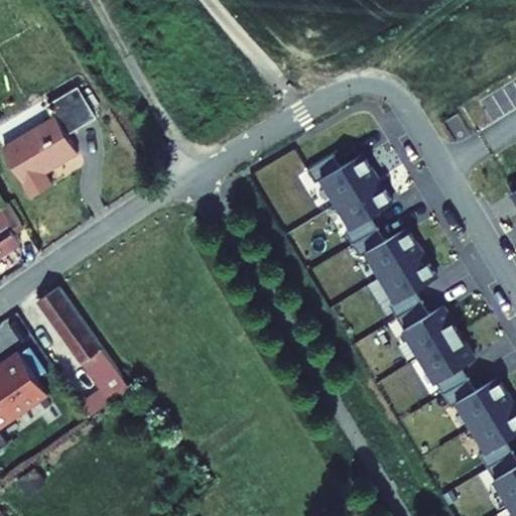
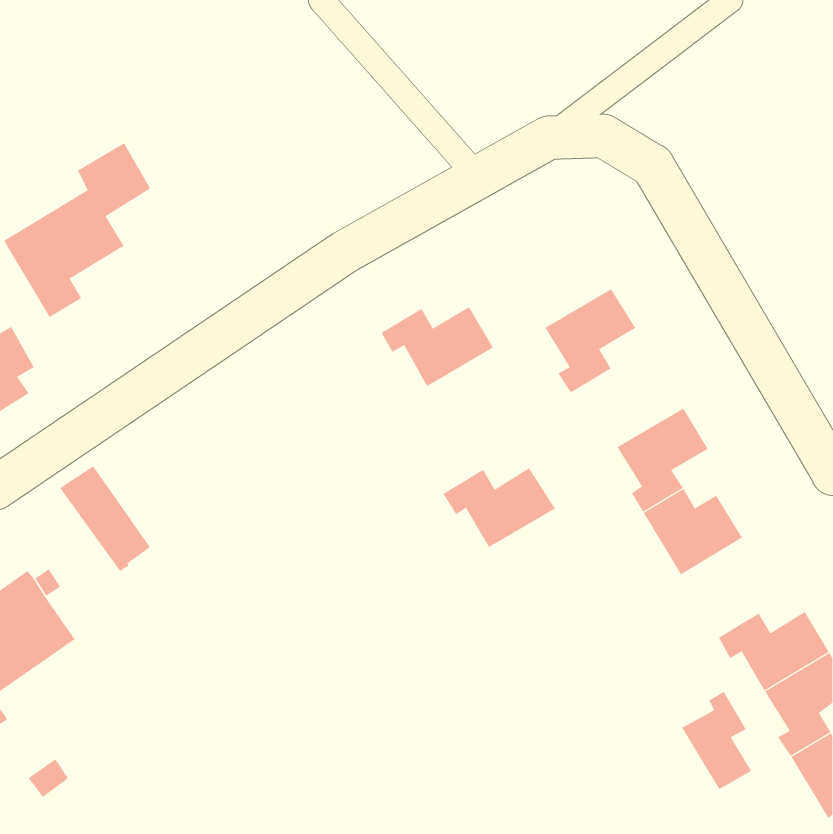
building: [306,154,376,204] -> [381,307,494,387]
building: [351,228,420,277] -> [443,468,556,548]
building: [418,332,473,394] -> none
building: [74,339,129,418] -> none
building: none -> [682,691,752,790]

